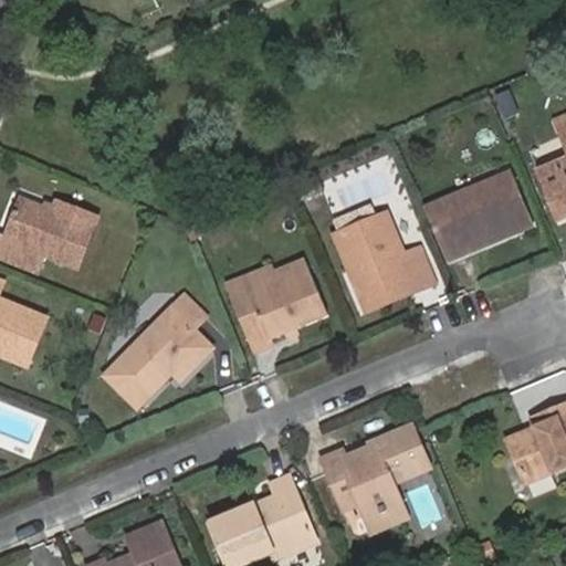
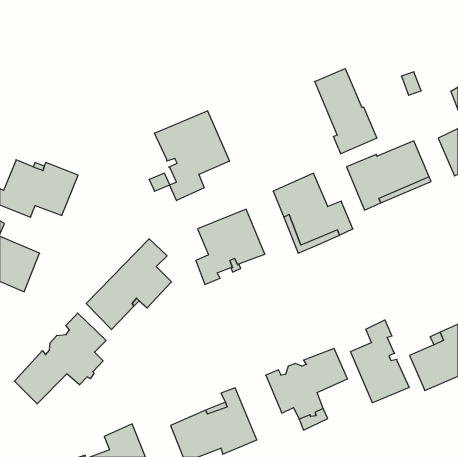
building: none -> [315,69,377,154]
building: none -> [154,111,229,201]
building: [223,261,273,321] -> none
building: none -> [14,313,106,404]
building: none -> [350,320,409,403]

